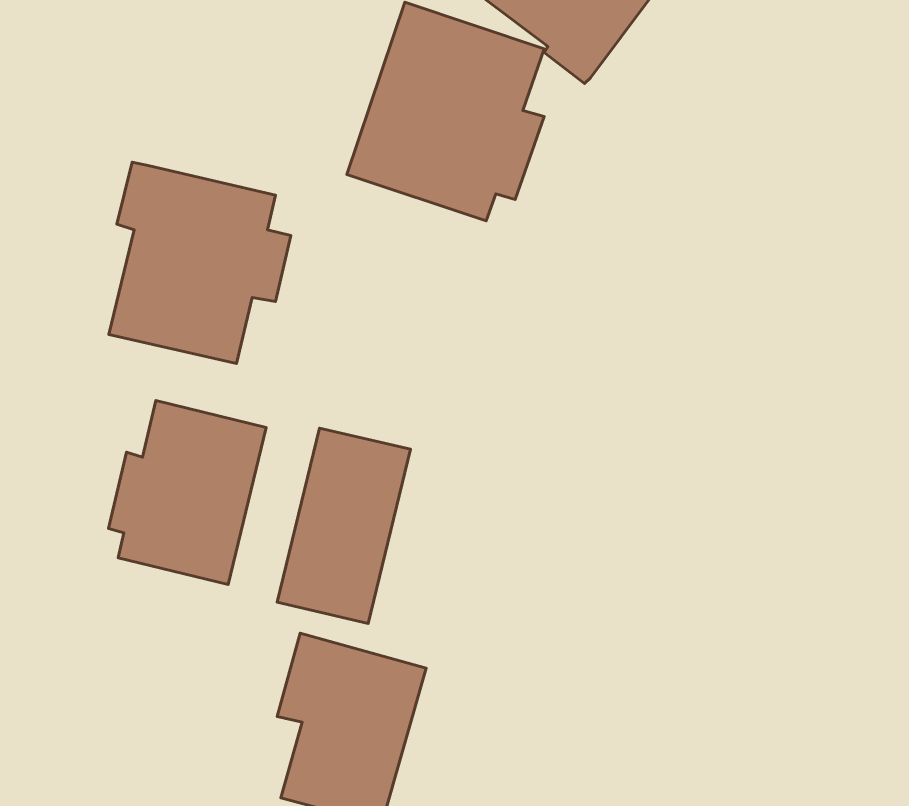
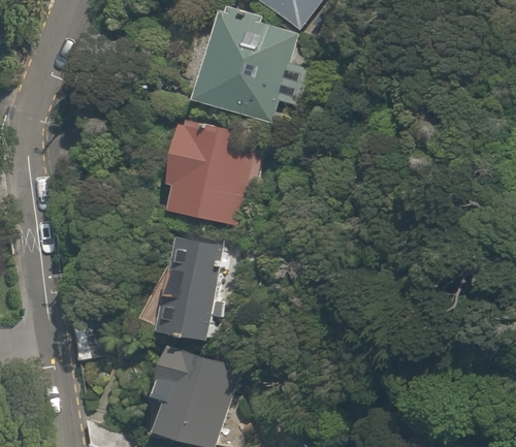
building: [109,162,291,363] -> [162,117,259,224]
building: [109,400,266,585] -> none

